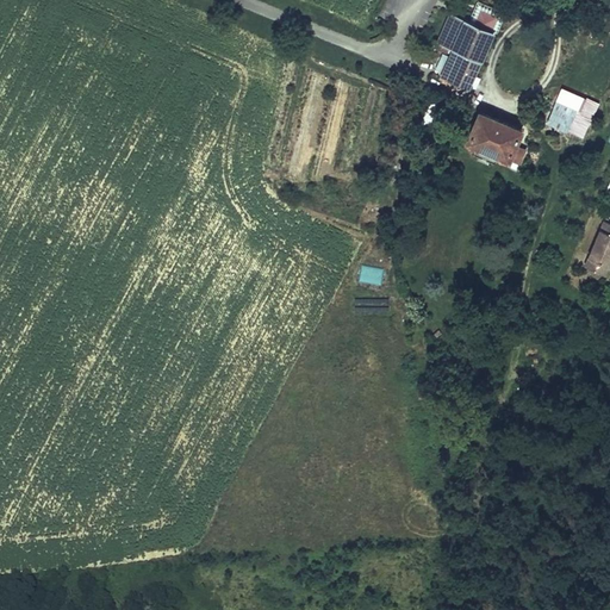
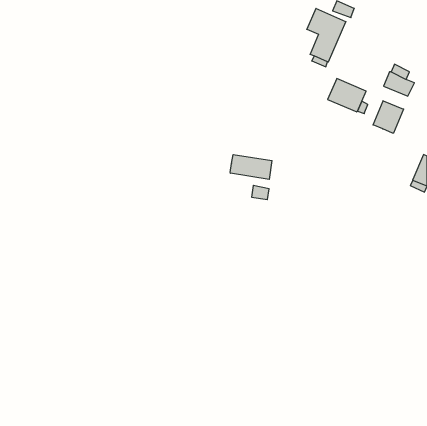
building: none -> [373,101,404,133]
building: none -> [230,155,272,179]

